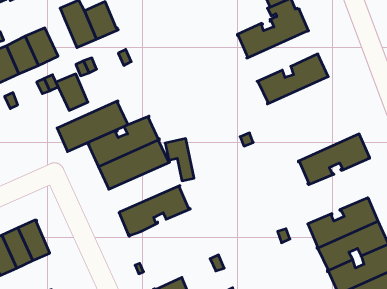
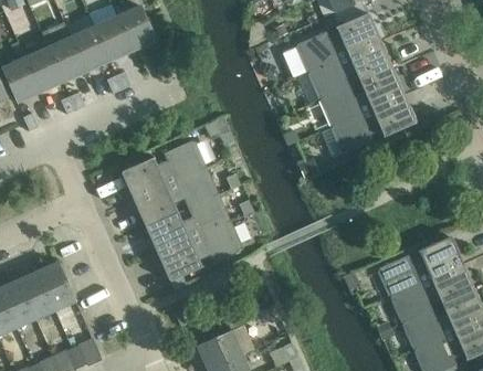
building: none -> [308,40,391,99]
building: [56,74,88,110] -> [70,26,107,70]
building: [57,101,128,152] -> [145,194,229,254]
building: [298,134,370,185] -> [332,94,416,153]

